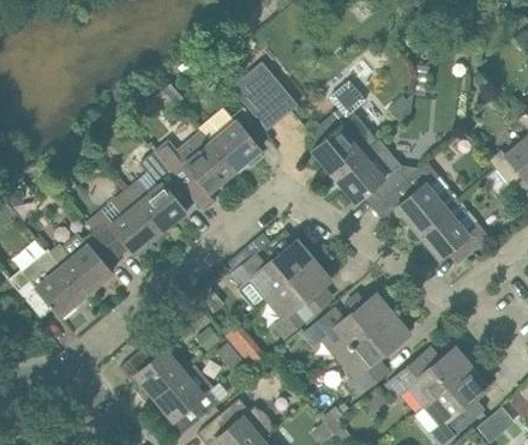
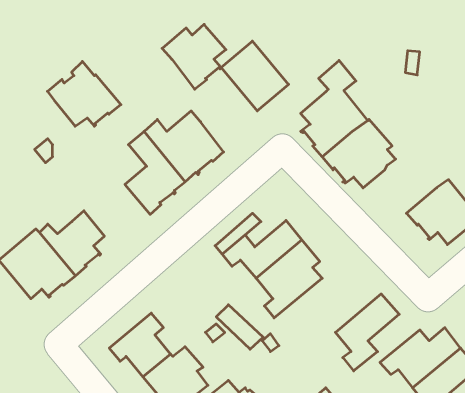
building: [202,107,265,172] -> [162,24,226,89]
building: [395,162,458,233] -> none
building: [88,191,161,255] -> [47,61,121,126]
building: [312,294,391,351] -> none

